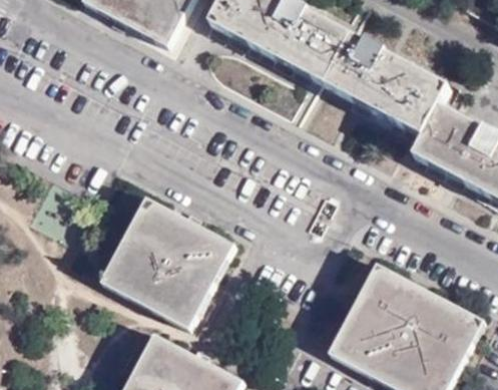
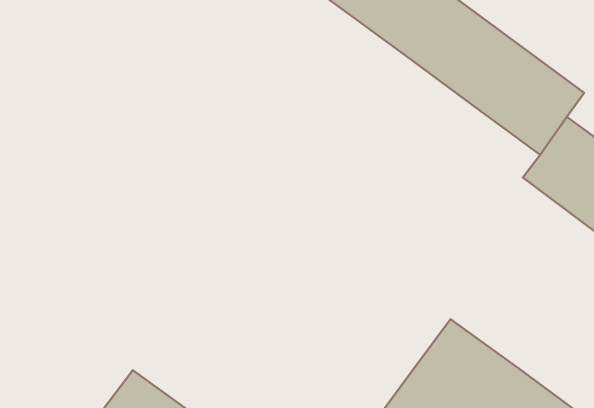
building: [100,197,233,328] -> none

